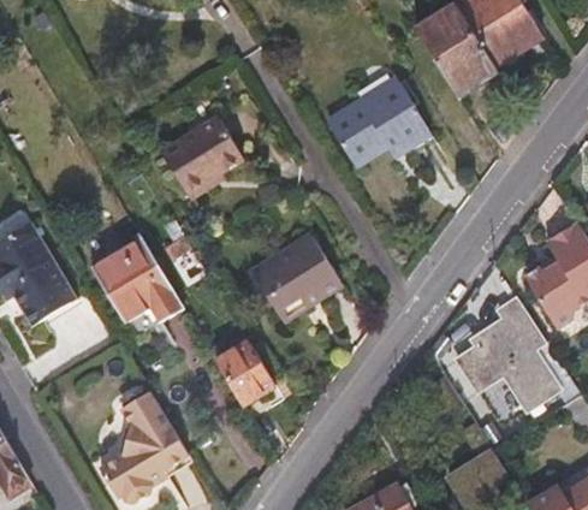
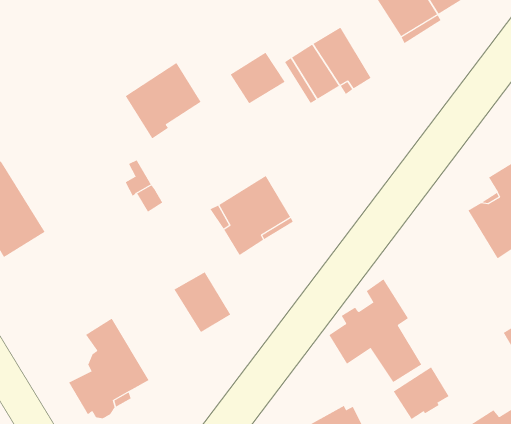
building: none -> [230,52,286,104]
building: [91,238,182,321] -> none
building: [458,297,558,408] -> [328,279,422,383]

